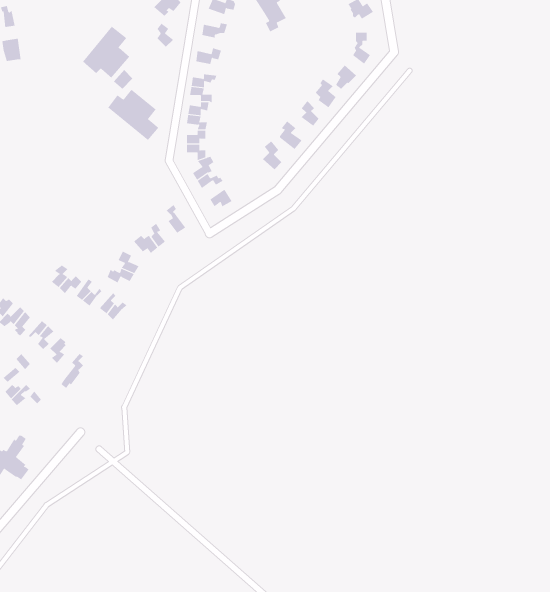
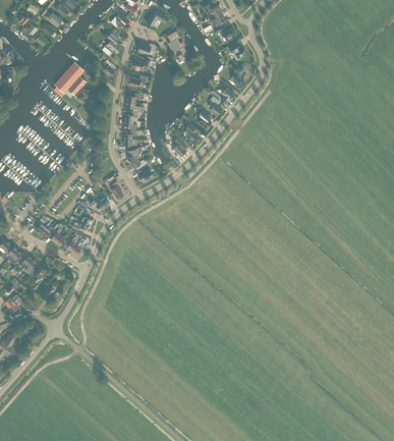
building: [108,89,159,141] -> none

